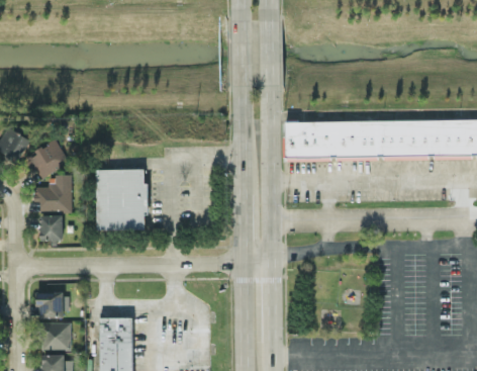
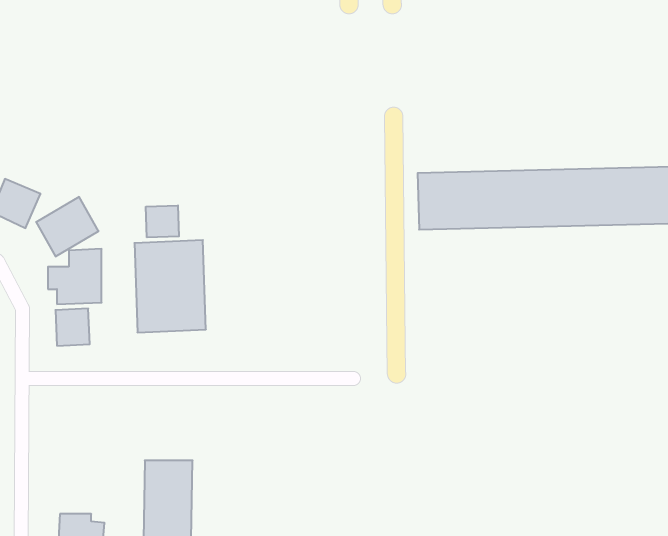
building: none -> [146,205,179,237]
building: [37,291,64,317] -> none
building: [36,321,71,350] -> none

